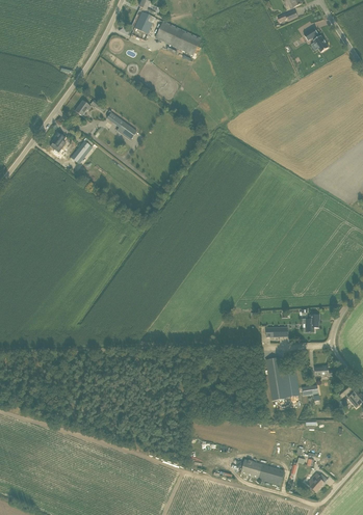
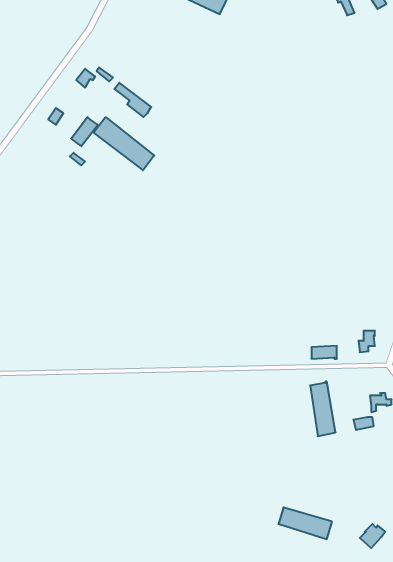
building: none -> [93,117,154,170]

